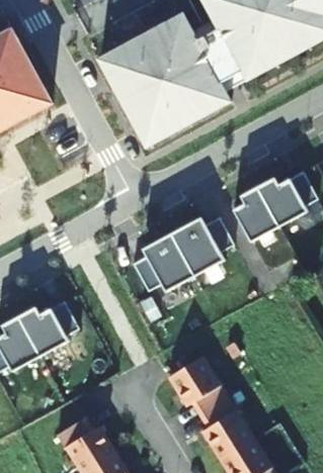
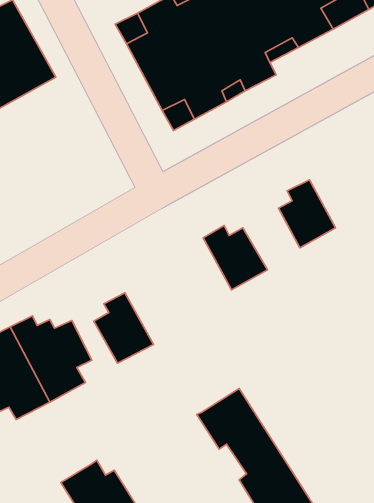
building: [257,176,306,224] -> none
building: [145,232,193,290] -> [94,293,153,363]

